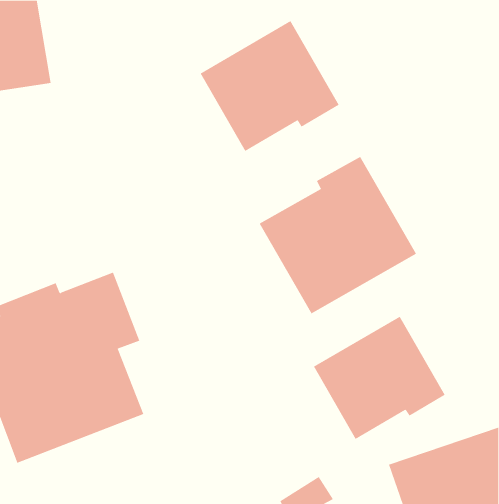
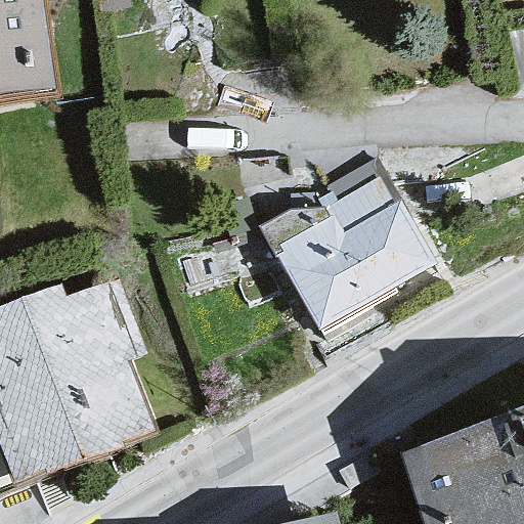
building: [200,20,339,152] -> none
building: [313,316,445,440] -> none

